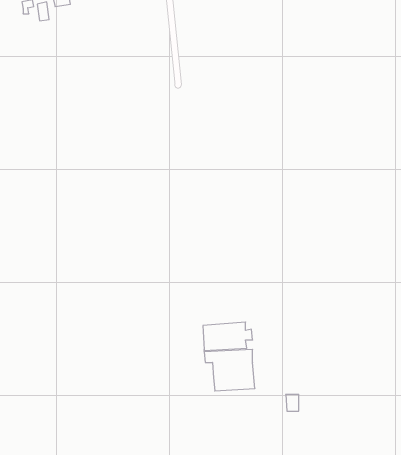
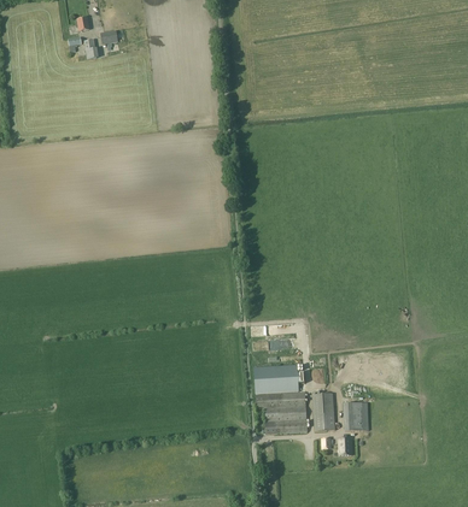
building: none -> [312,393,334,429]
building: none -> [344,402,368,429]

